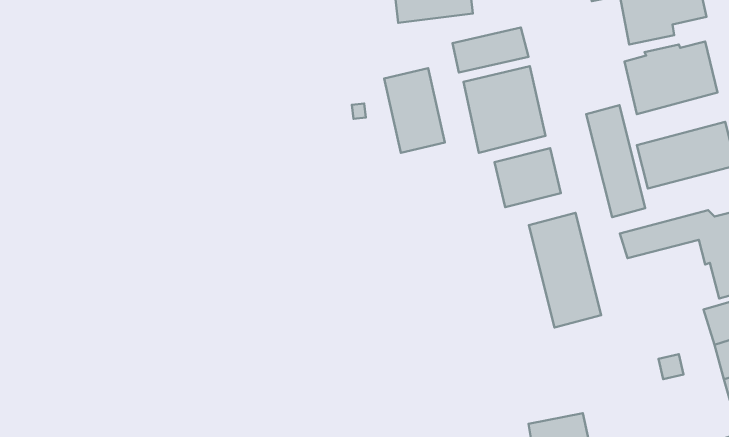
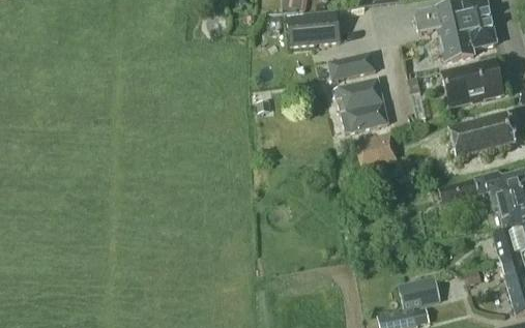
building: [384,68,445,153] -> none
building: [586,105,645,217] -> none
building: [529,213,601,328] -> none
building: none -> [398,274,441,308]

